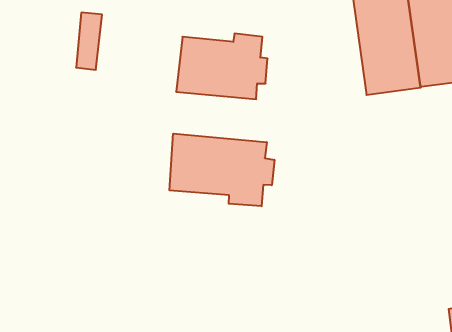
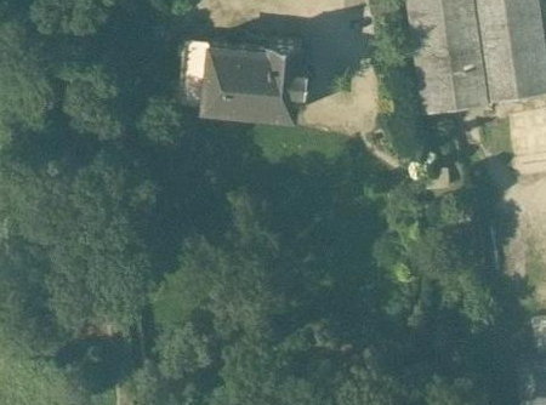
building: [76,13,102,70] -> [188,44,218,110]
building: [170,134,274,206] -> none

